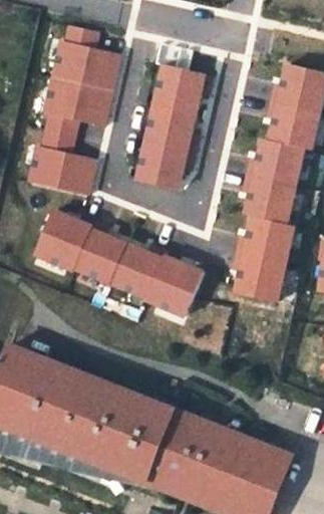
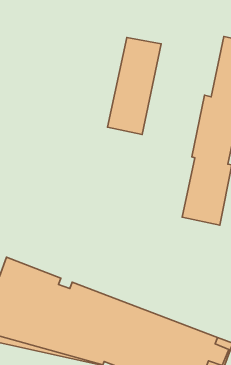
building: [30,27,115,196] -> none
building: [33,210,202,318] -> none

